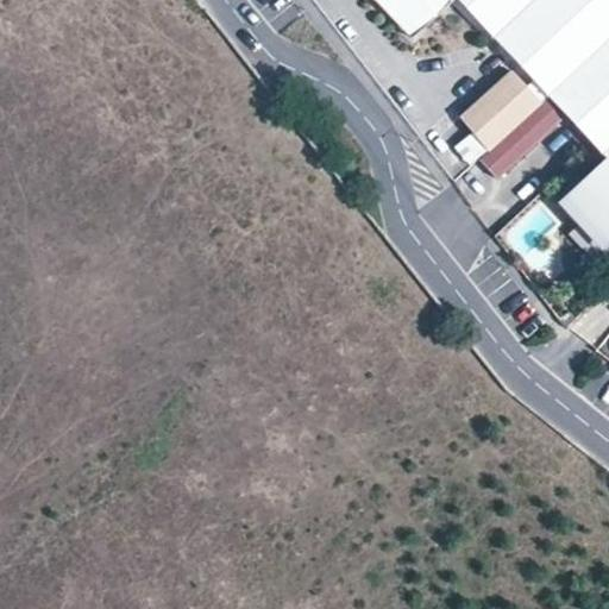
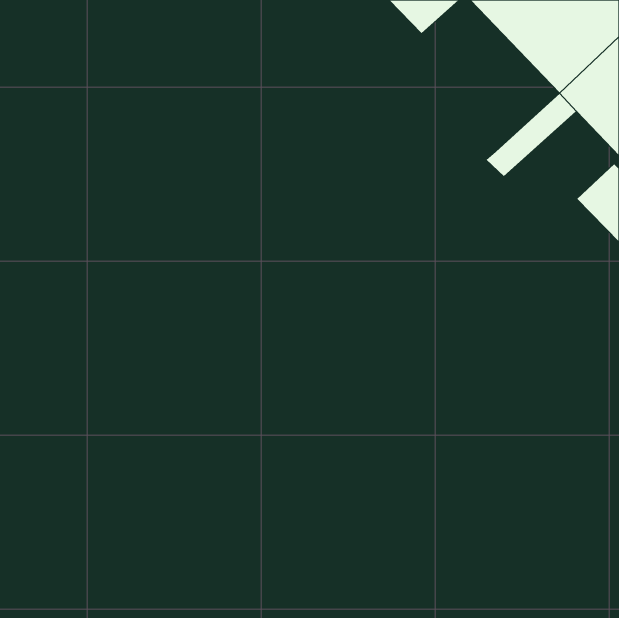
building: [454,68,539,150] -> none

